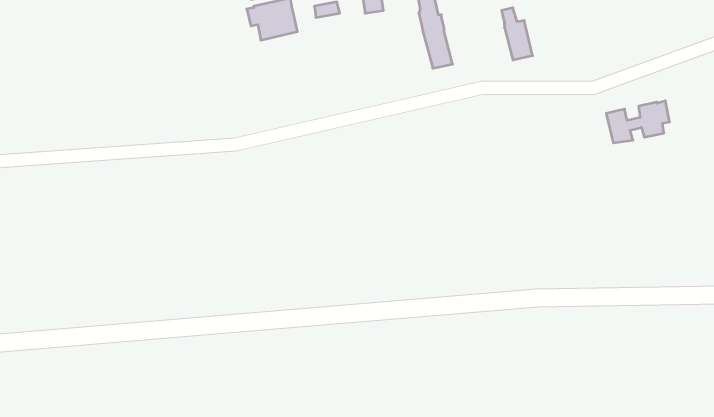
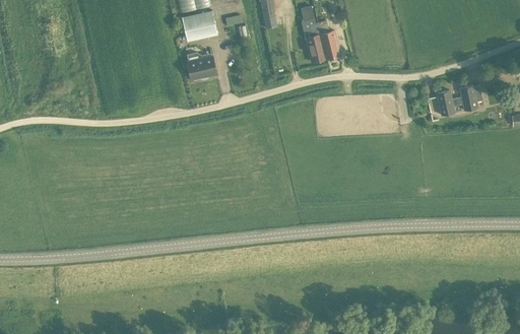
building: [502,8,533,60] -> [318,21,340,59]
building: none -> [186,55,217,81]

